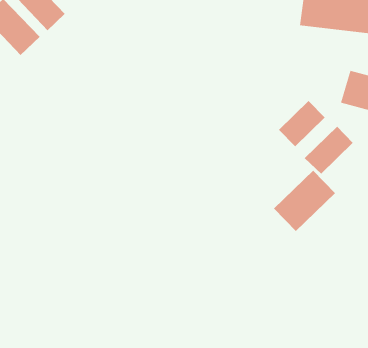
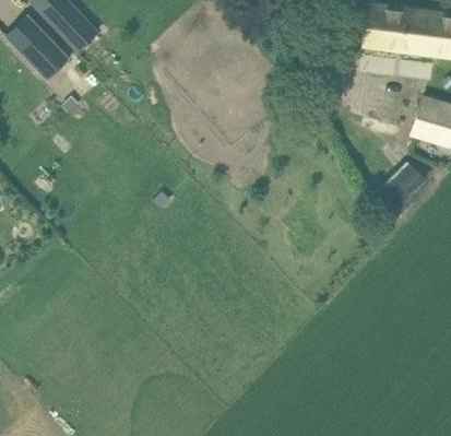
building: [278,100,325,147] -> none
building: [273,170,336,232] -> none

